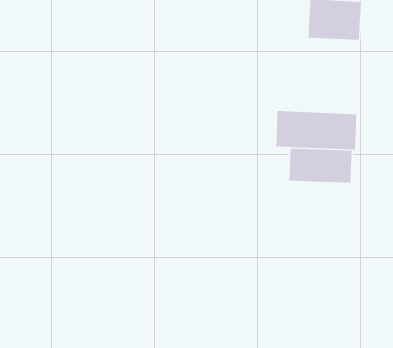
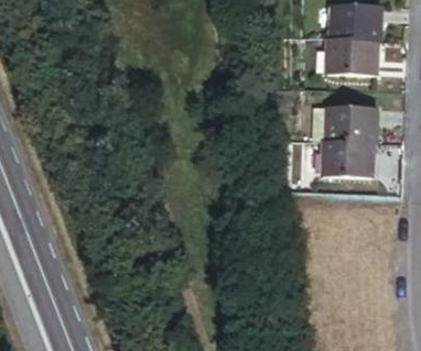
building: none -> [326,39,377,75]

